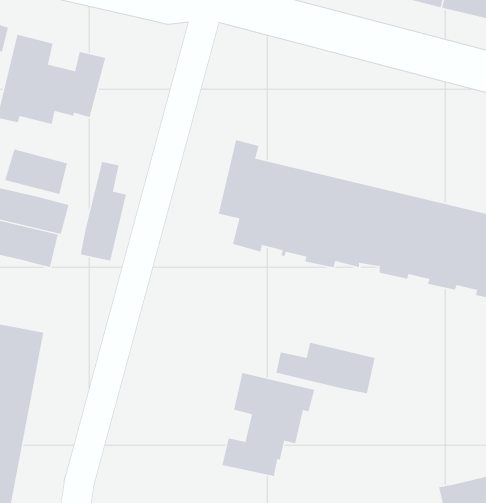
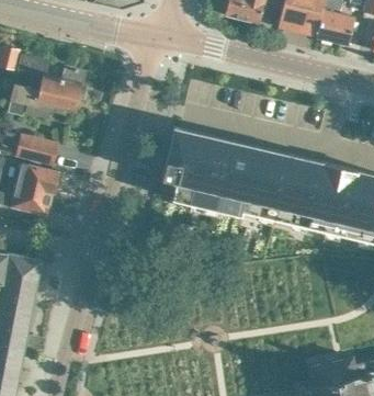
building: [80,161,127,261] -> none
building: [276,342,376,394] -> none
building: [221,372,315,477] -> none

